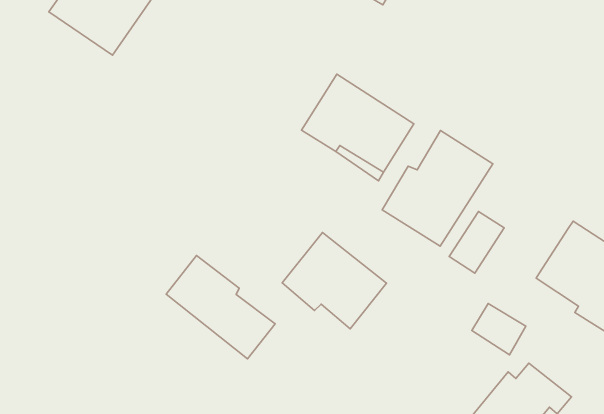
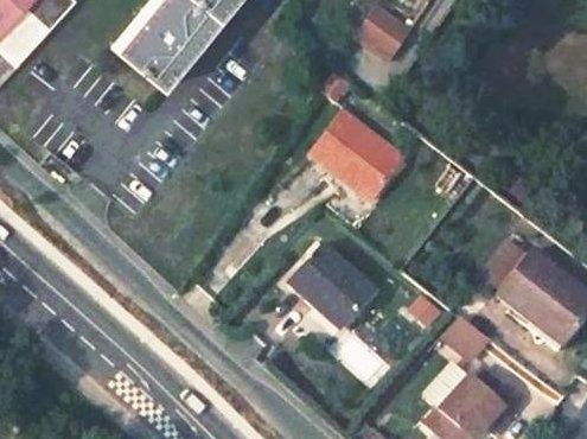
building: [382,131,493,246] -> none
building: [449,211,504,273] -> [480,246,528,297]
building: [166,256,275,359] -> none

